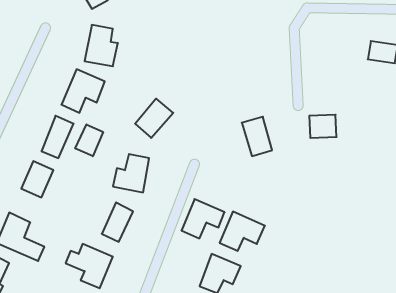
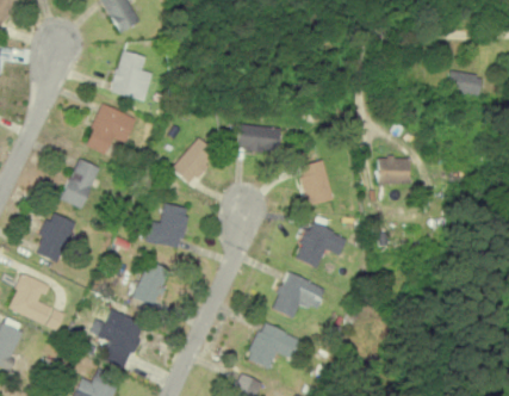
building: none -> [237,124,281,153]
building: [75,124,103,156] -> none
building: [181,199,225,238] -> [296,222,347,268]

